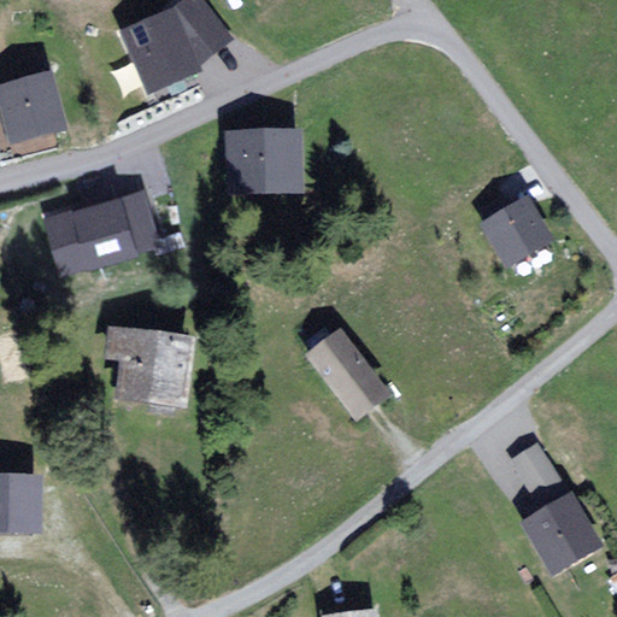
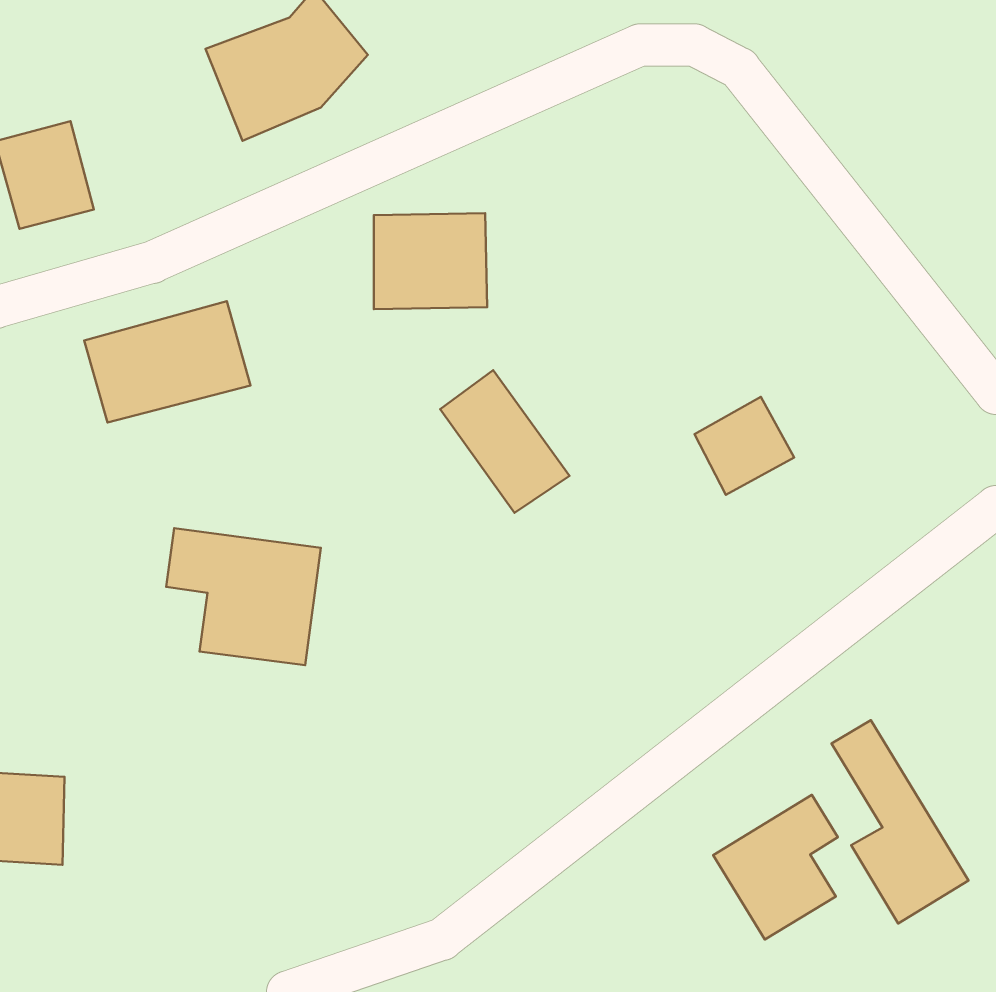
building: [487,199,548,259] -> [694,397,794,495]
building: [308,331,388,419] -> [440,370,569,513]
building: none -> [713,795,838,940]

